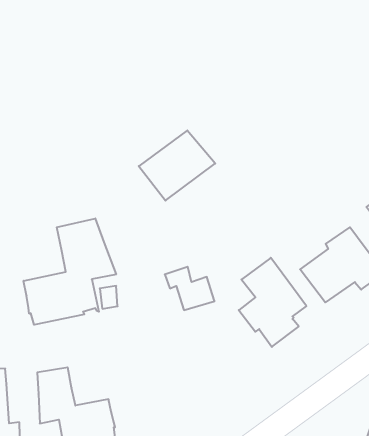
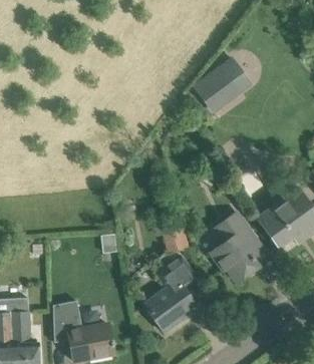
building: [139,130,215,201] -> [192,58,252,113]
building: [24,218,116,325] -> none
building: none -> [144,258,198,332]

